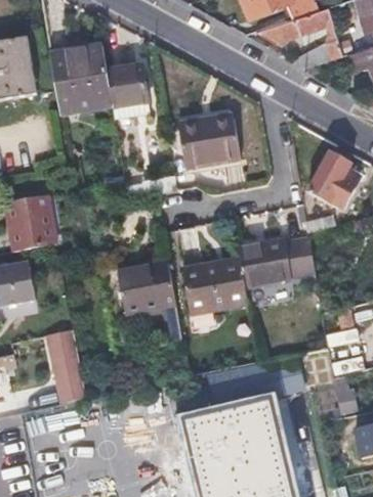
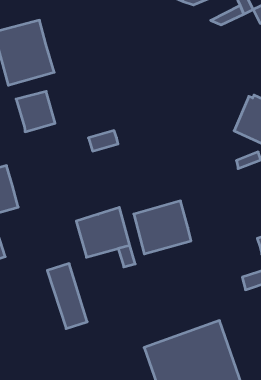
building: [106,62,147,105] -> [16,91,55,132]
building: [182,118,243,168] -> none
building: [238,238,316,290] -> none
building: [46,331,85,404] -> [47,264,87,329]

